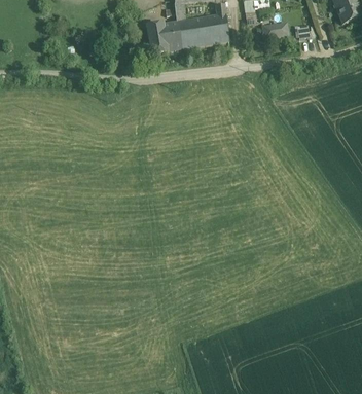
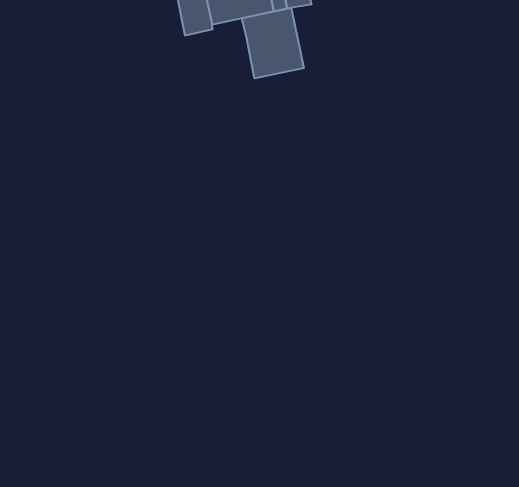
building: none -> [242,8,304,78]

